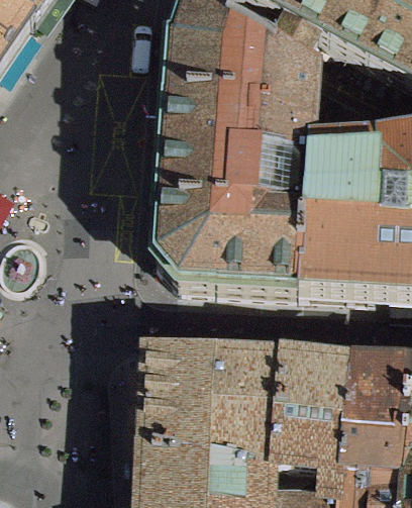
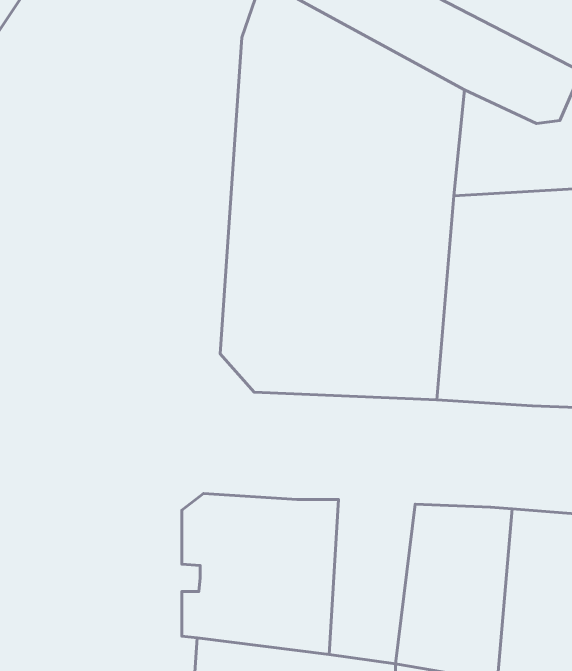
building: [229,355,286,464] -> none

